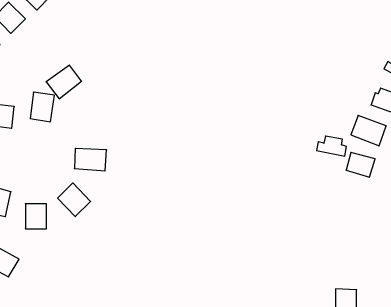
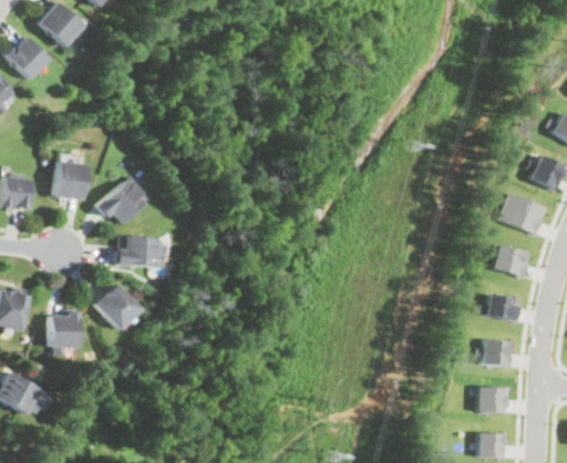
building: [46,65,82,99] -> [100,179,148,226]
building: [317,136,346,156] -> [477,292,518,320]
building: none -> [476,338,512,366]
building: none -> [476,385,508,411]

